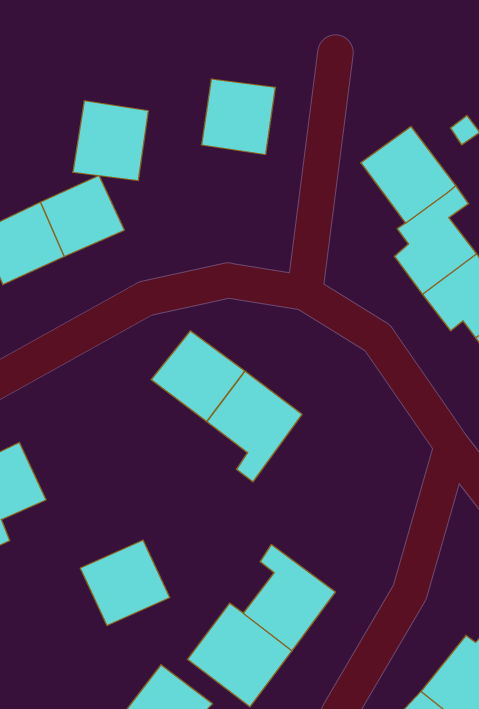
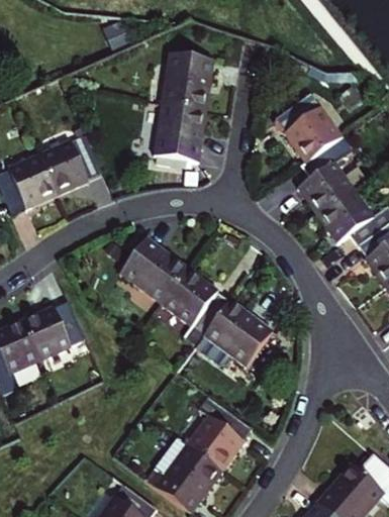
building: [73,101,148,181] -> [149,106,203,164]
building: none -> [194,301,270,369]
building: [80,540,170,626] -> [25,301,90,363]

